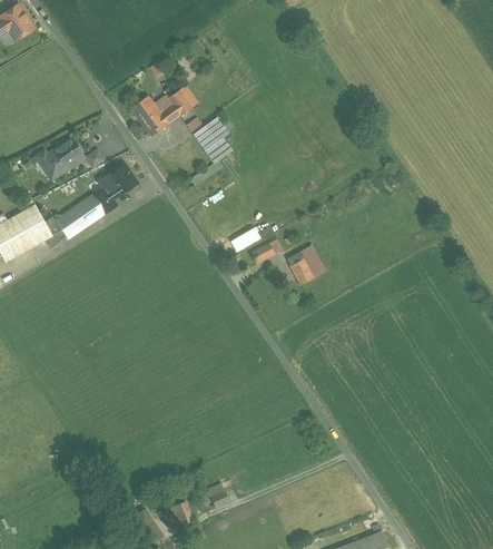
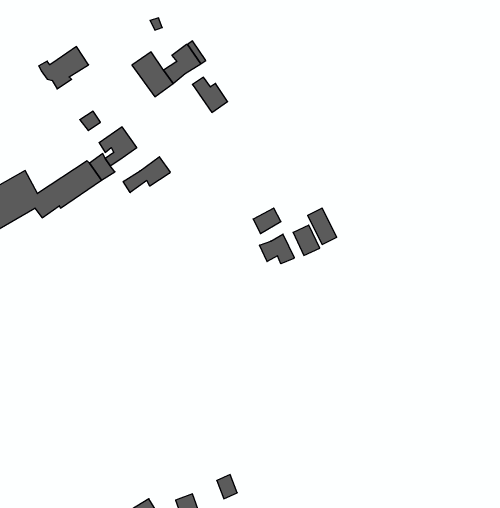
building: [34,138,80,177] -> [39,47,89,89]
building: none -> [123,157,170,193]
building: none -> [260,234,294,264]

